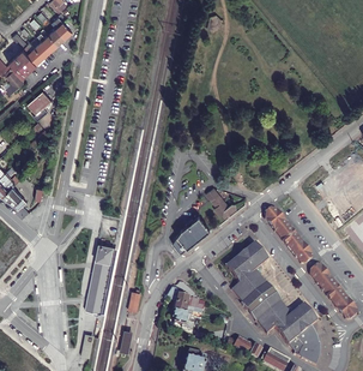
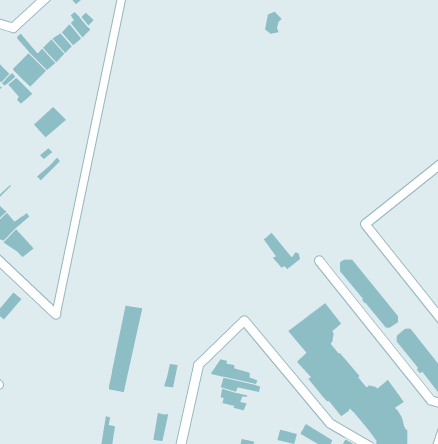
building: [171,216,210,253] -> none

